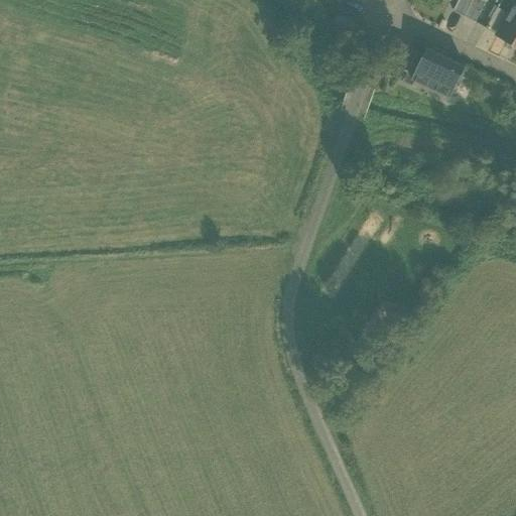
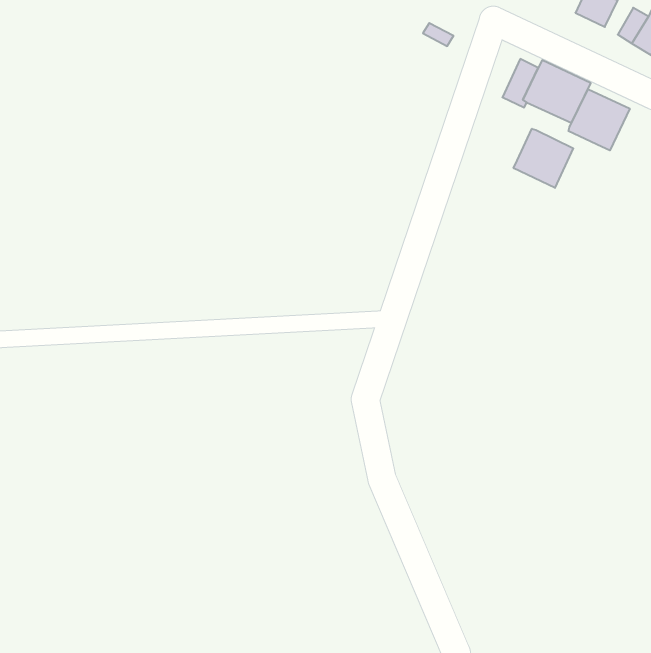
building: none -> [568,89,630,150]
building: none -> [514,129,573,188]

